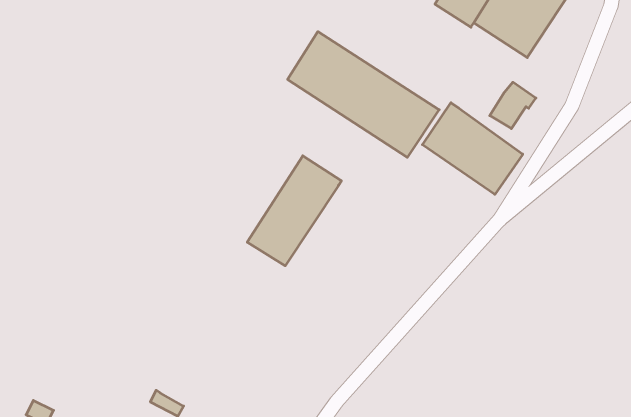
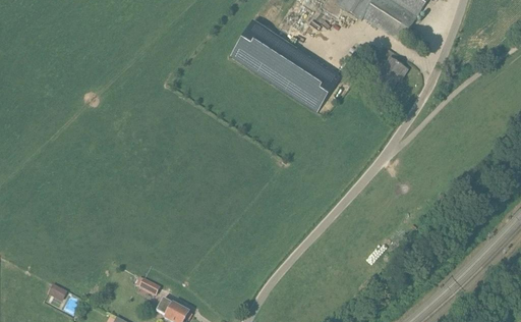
building: [422,103,523,194] -> none
building: [247,156,341,266] -> none

